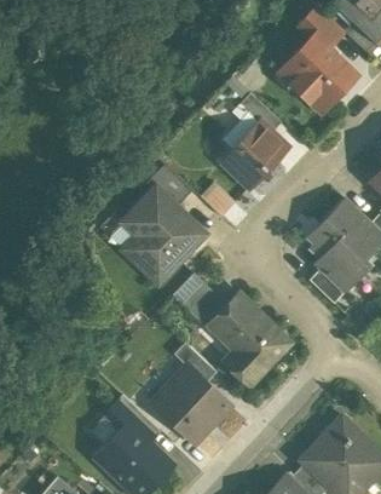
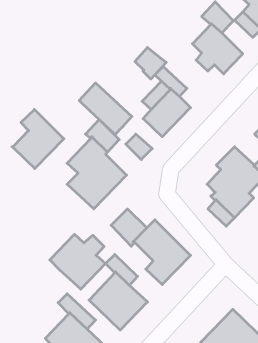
building: none -> [135,47,166,79]
building: none -> [79,83,132,135]
building: none -> [12,109,64,169]
building: none -> [50,234,106,289]

